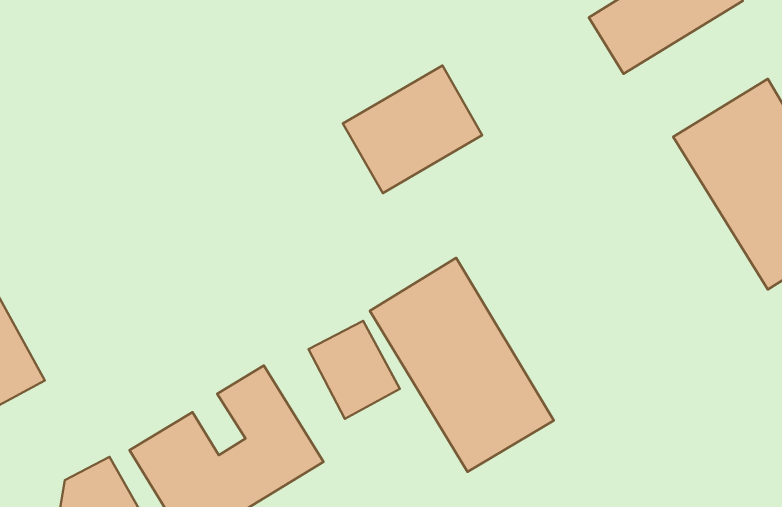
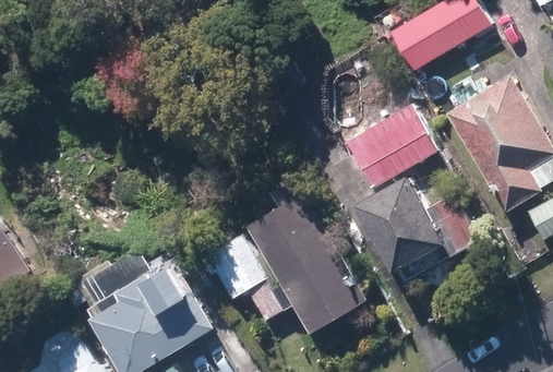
building: [343,66,482,193] -> [344,107,435,191]
building: none -> [358,175,477,269]

